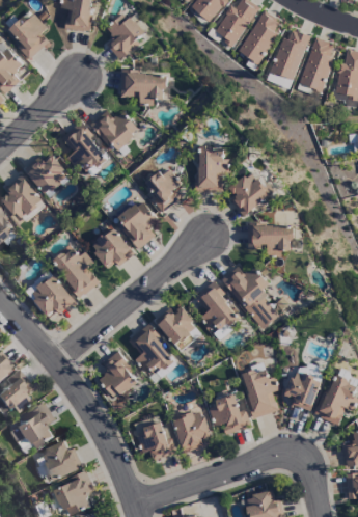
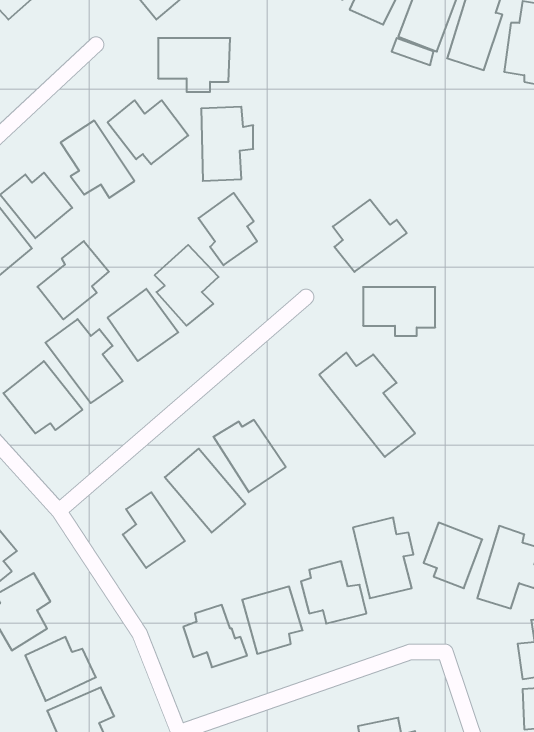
building: [198,146,230,192] -> [201,107,253,181]
building: none -> [37,241,109,319]
building: [194,280,238,333] -> none

